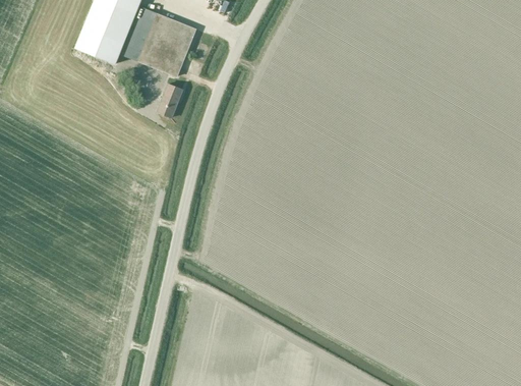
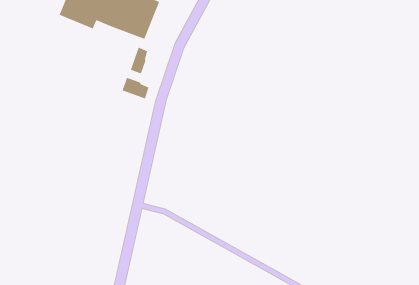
building: none -> [122,77,150,100]

